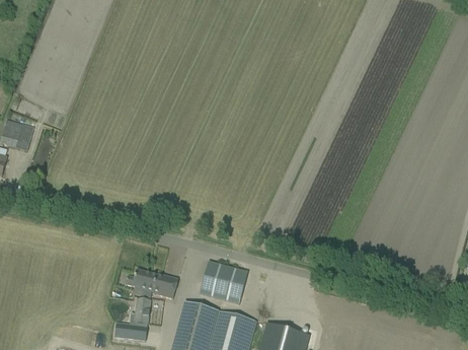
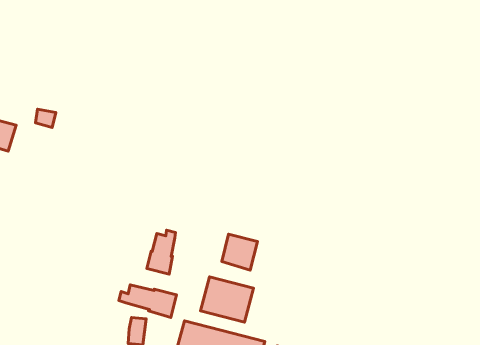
building: none -> [147,230,176,274]
building: none -> [222,234,257,270]

